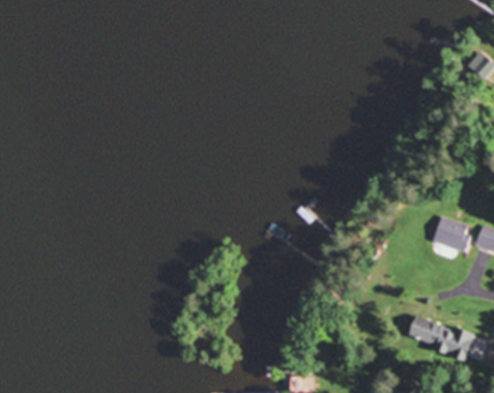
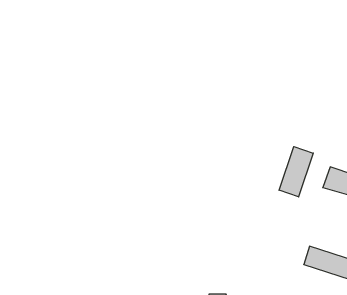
building: none -> [279,147,313,197]

